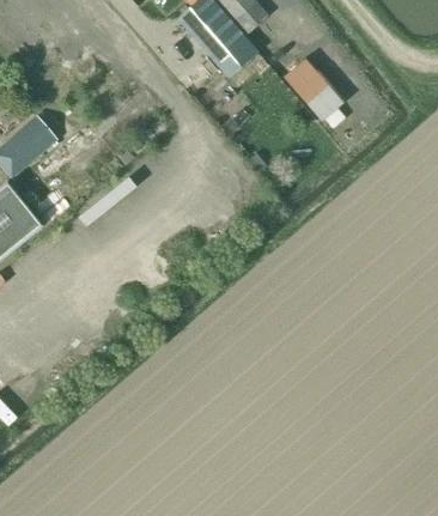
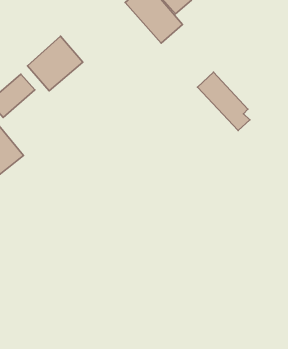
building: [276,49,347,128] -> [198,72,250,131]
building: none -> [28,36,83,91]

